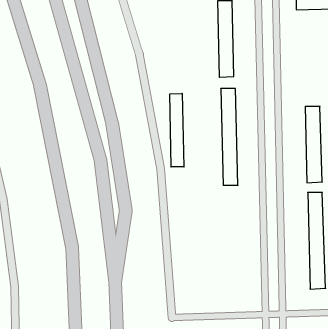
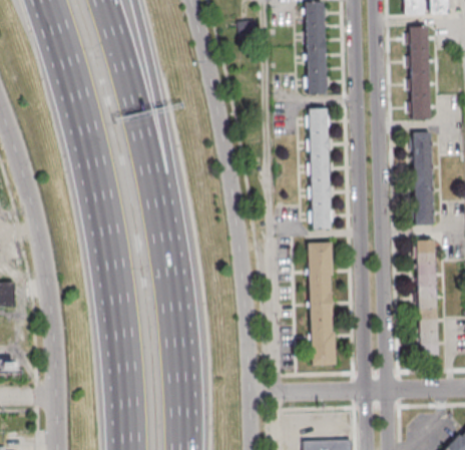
building: none -> [410,27,431,121]
building: [170,93,184,167] -> none
building: none -> [308,246,334,368]

